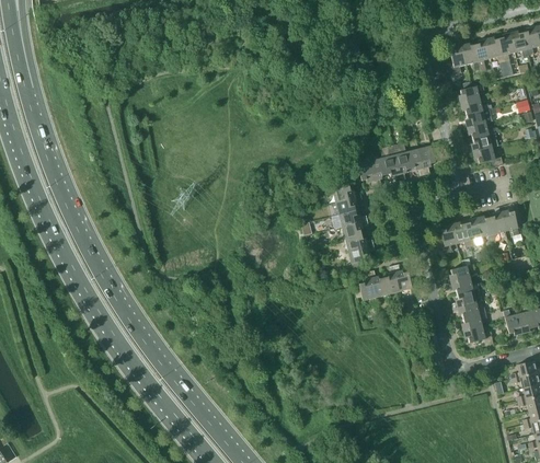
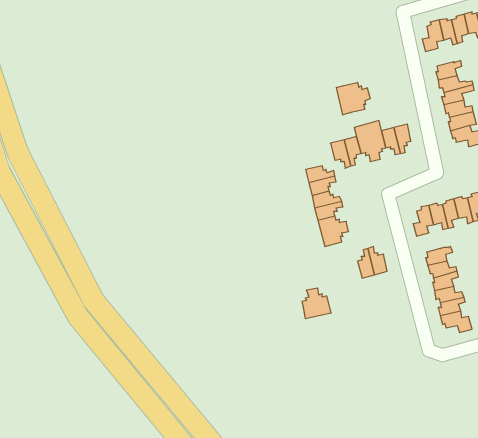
building: none -> [336,82,370,115]
building: [359,270,388,300] -> [302,288,331,319]

